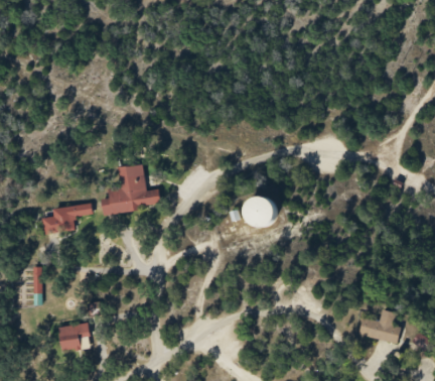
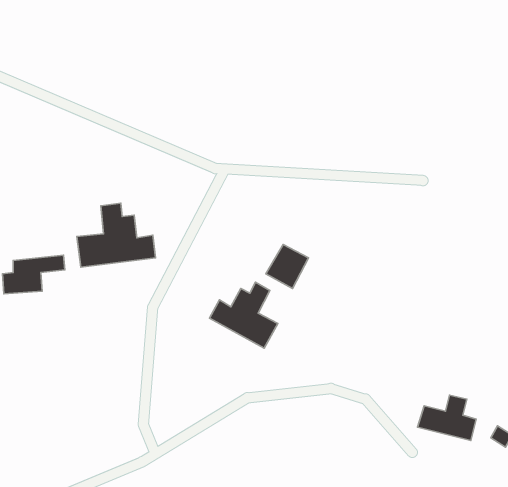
building: none -> [210,282,278,348]
building: [58,323,89,351] -> none

